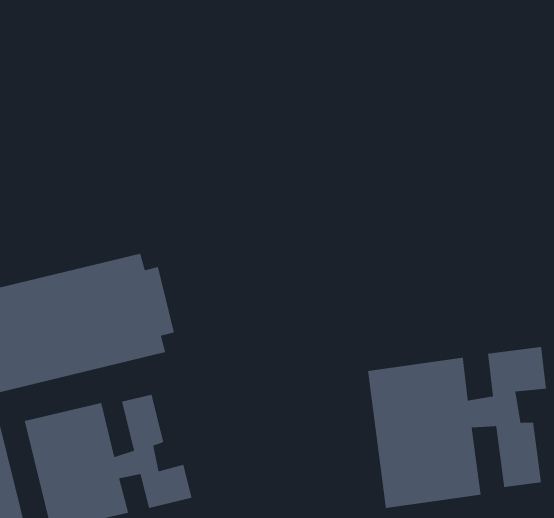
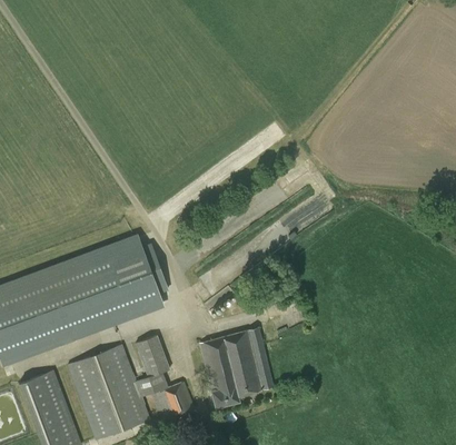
building: [367,346,547,509] -> none
building: none -> [198,328,274,408]

